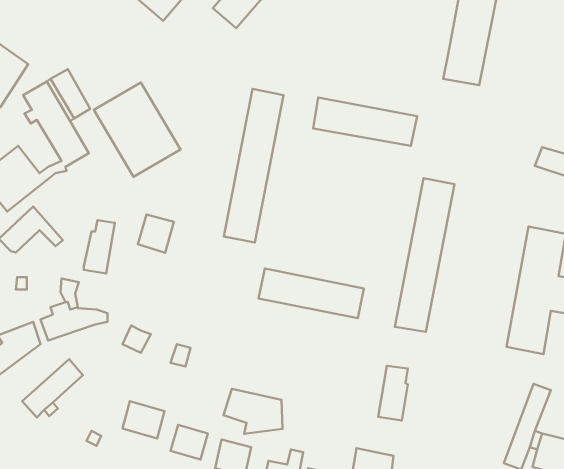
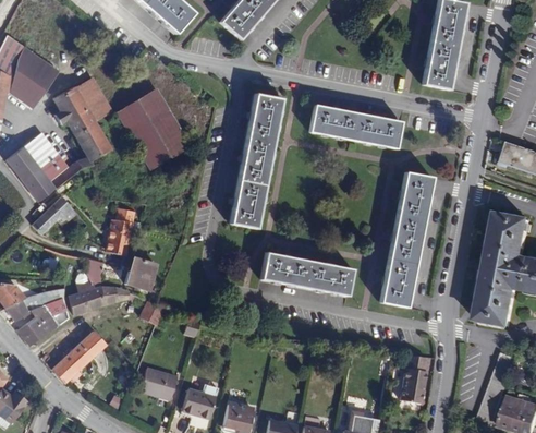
building: [138,214,174,253] -> [125,257,157,291]
building: [378,366,408,420] -> [400,354,426,402]
building: [224,389,282,434] -> none

